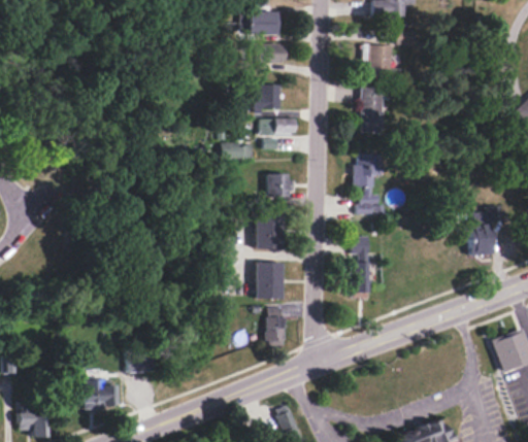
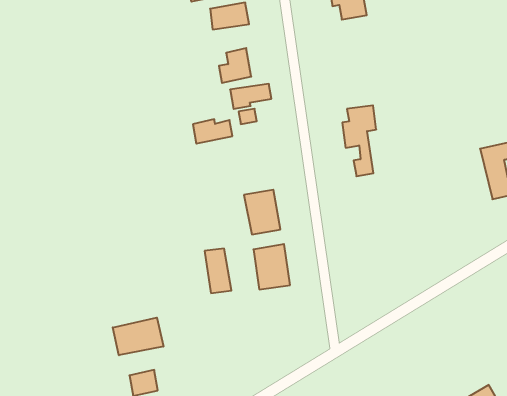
building: [360,88,384,133] -> none
building: [267,174,292,197] -> none
building: [354,236,370,293] -> none
building: [266,307,285,346] -> [205,249,231,293]
building: none -> [113,318,163,355]

